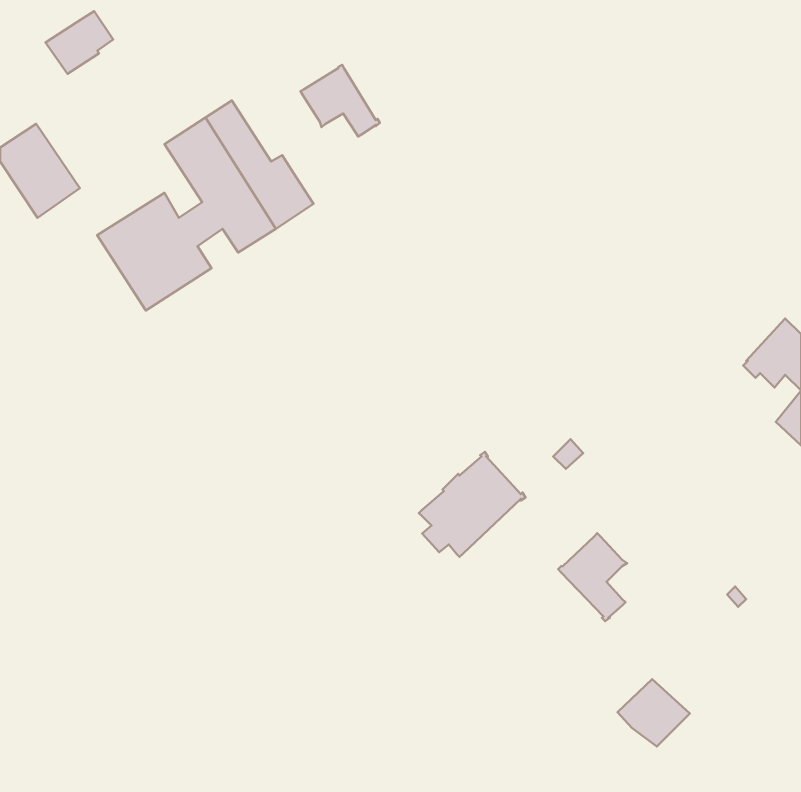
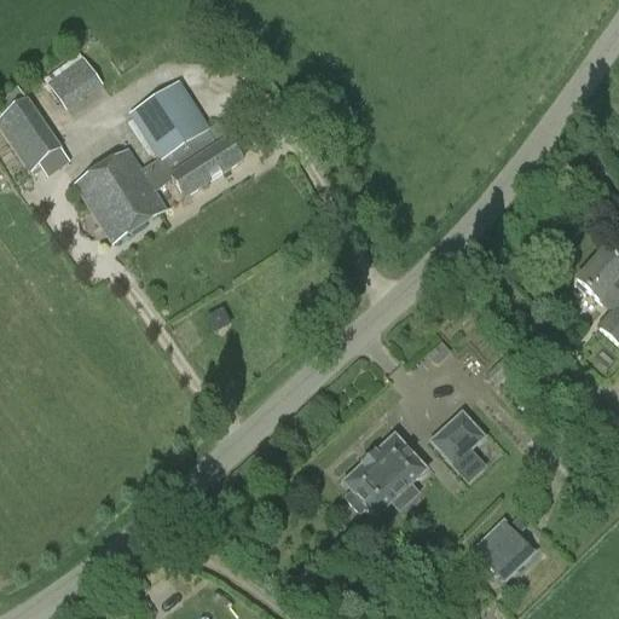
building: [46,11,113,74] -> [47,57,99,105]
building: [301,65,380,137] -> none
building: [419,452,525,557] -> [343,433,426,514]

